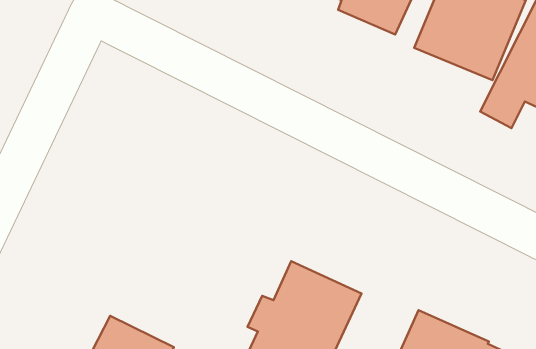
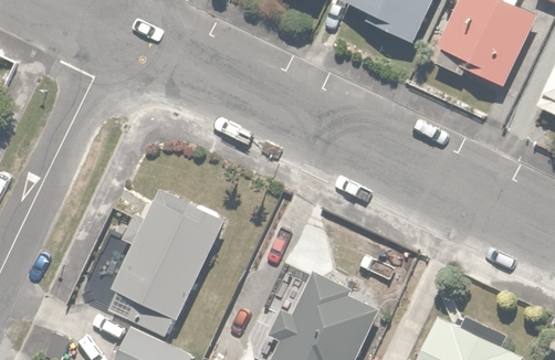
building: none -> [108,188,230,339]

